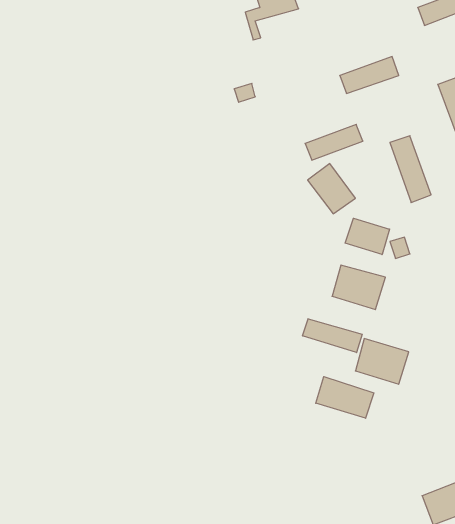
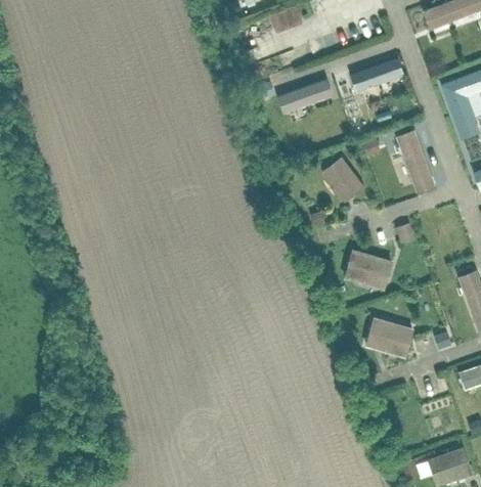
building: [305,124,363,160] -> [277,81,331,114]
building: [345,218,390,255] -> none
building: [303,319,362,353] -> none
building: [316,377,374,418] -> none

